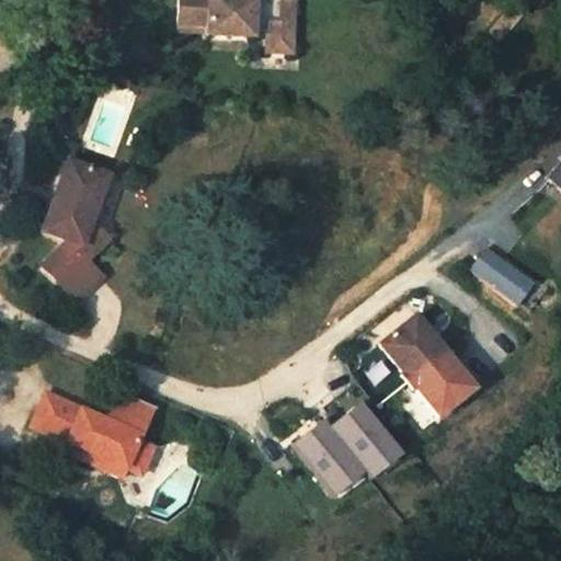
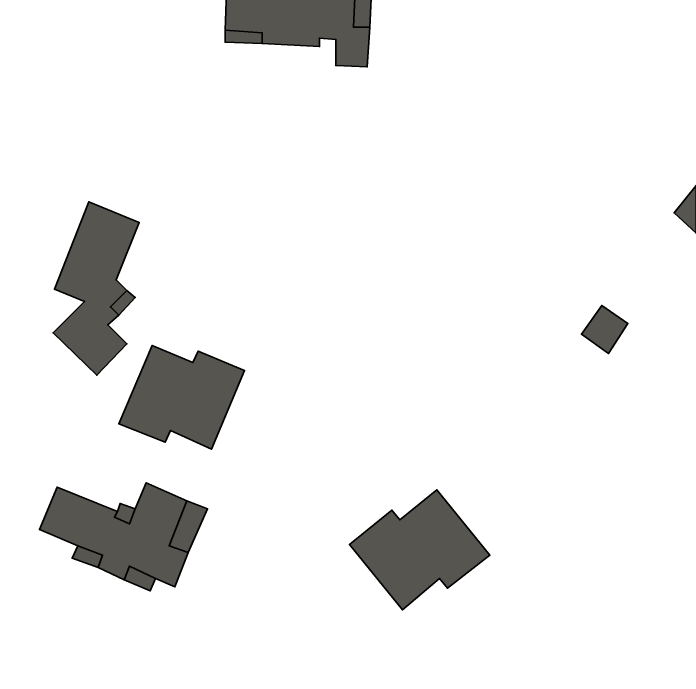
building: [489,260,533,302] -> none
building: none -> [119,345,245,449]
building: [382,314,477,415] -> none

